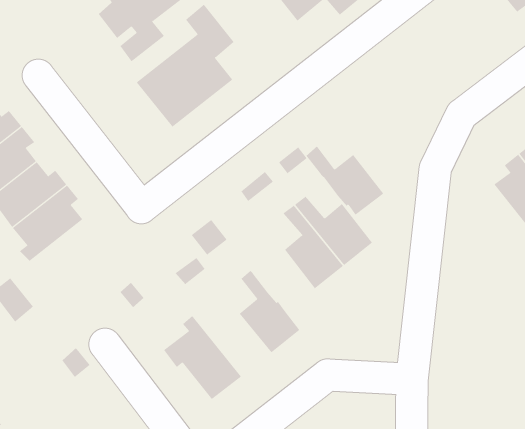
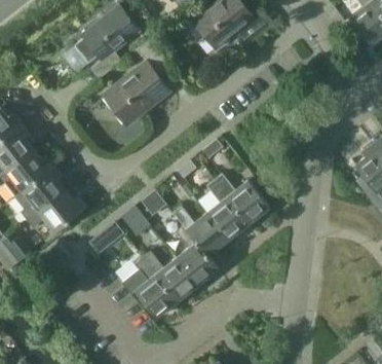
building: [306,146,384,215] -> [173,206,228,255]
building: none -> [27,190,86,232]
building: none -> [142,251,197,301]

